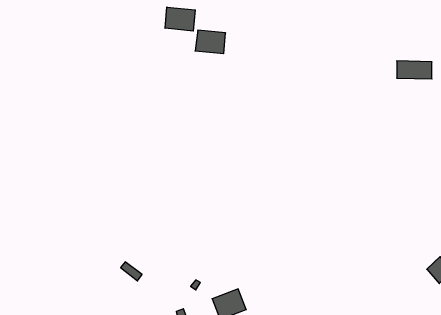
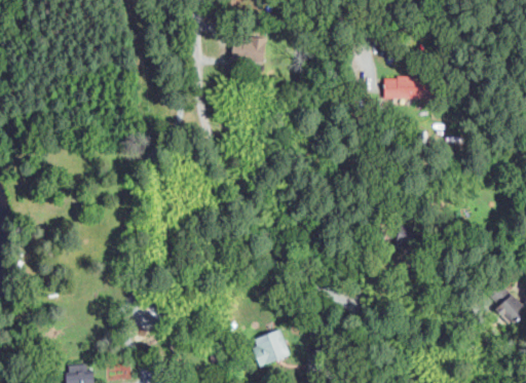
building: [165,7,195,31] -> none
building: [397,61,432,79] -> [383,77,423,98]

